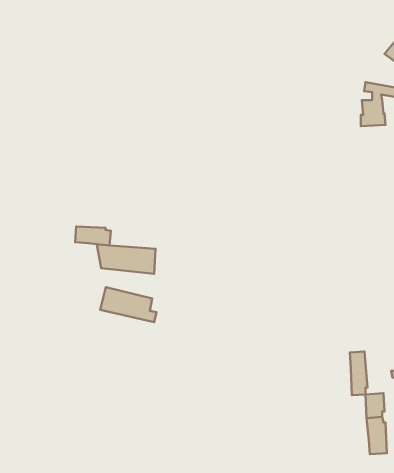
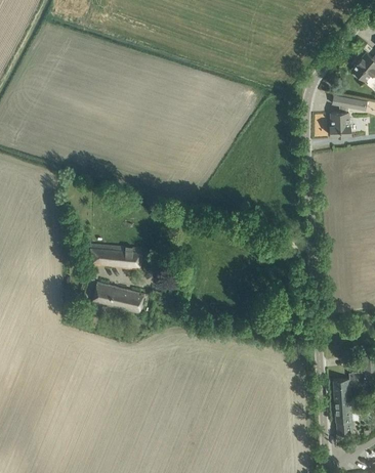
building: [75,227,111,245] -> none
building: [350,352,368,395] -> none

